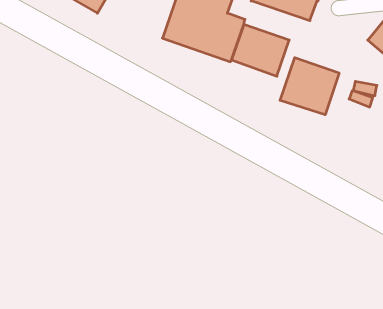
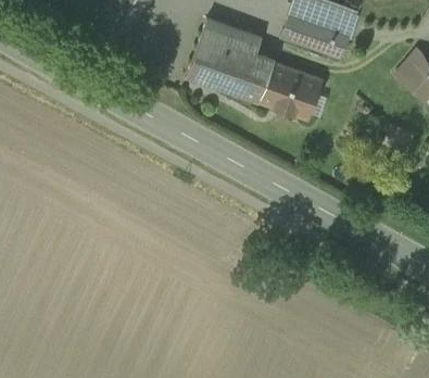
building: [280,58,339,115] -> none

